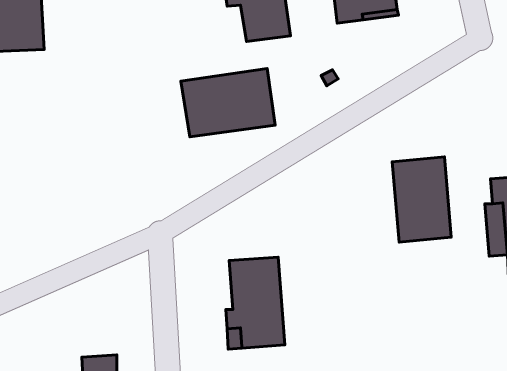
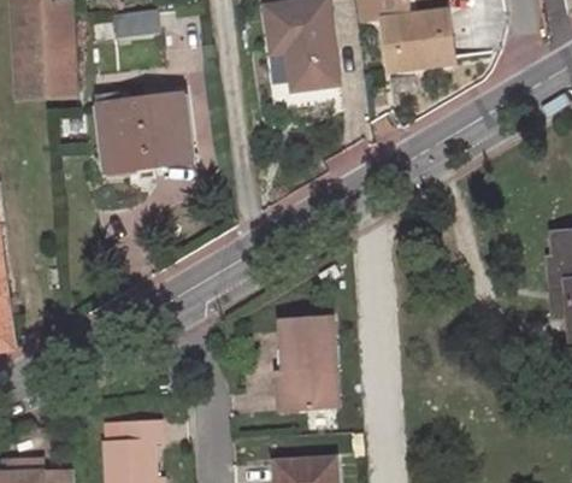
building: [181,69,275,137] -> [94,95,194,167]
building: [392,157,451,242] -> none

